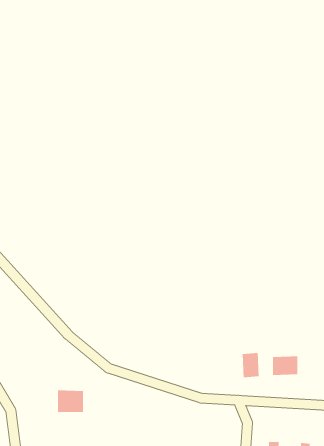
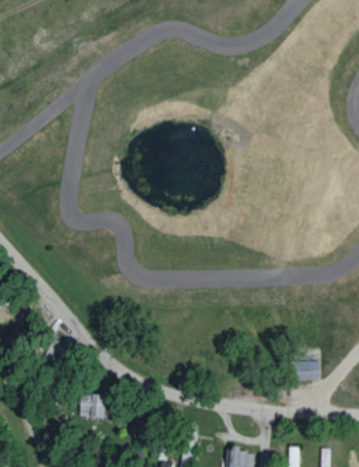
building: [242,352,259,378] -> none

